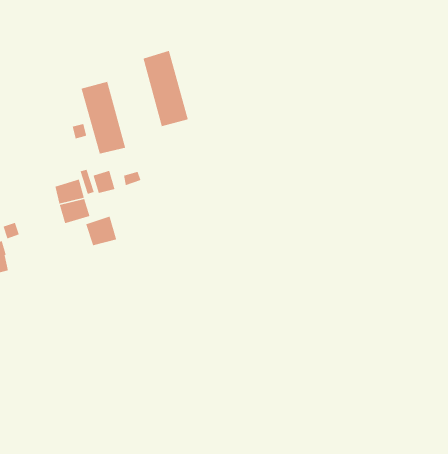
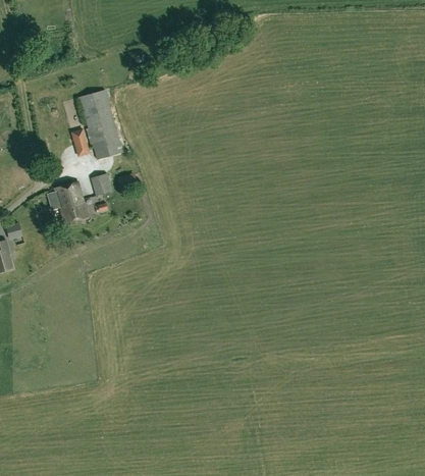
building: [142,50,189,127] -> none
building: [85,216,117,246] -> none

